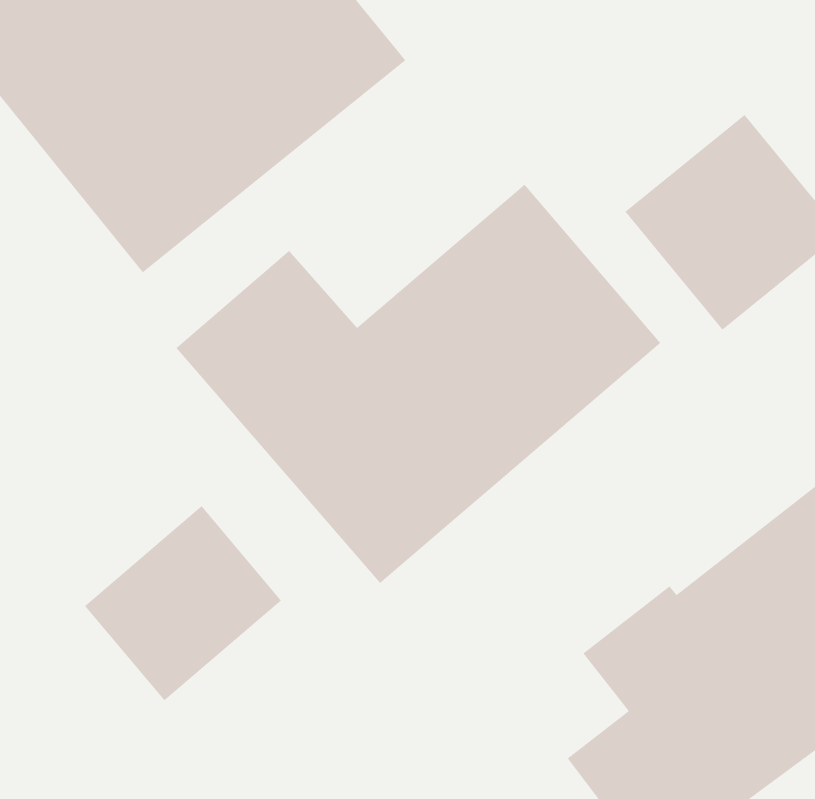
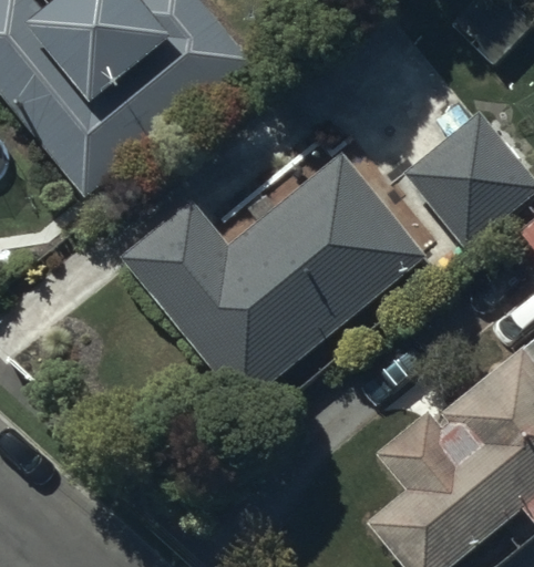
building: [84,505,282,701] -> none

